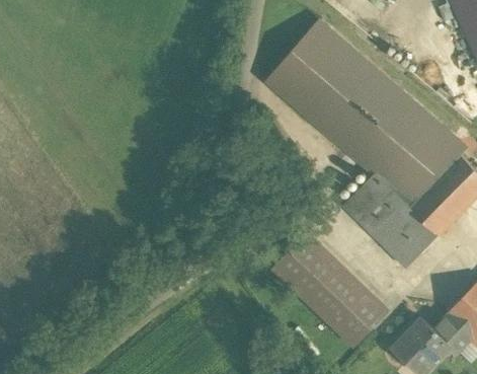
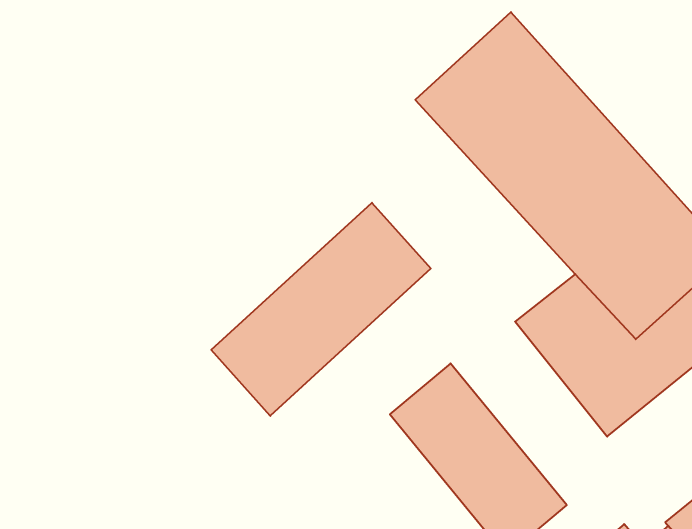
building: none -> [211,203,431,416]

